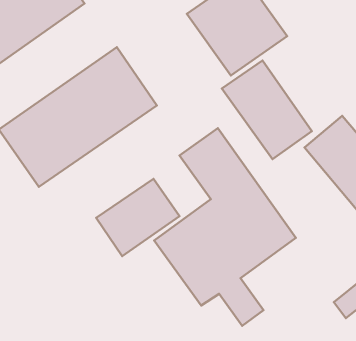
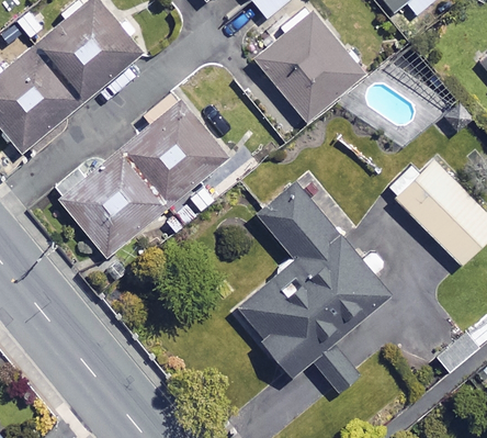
building: [222,61,312,159] -> none
building: [96,179,179,256] -> none

